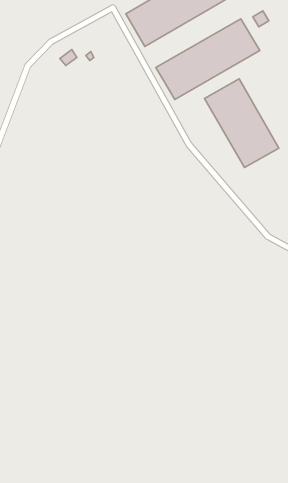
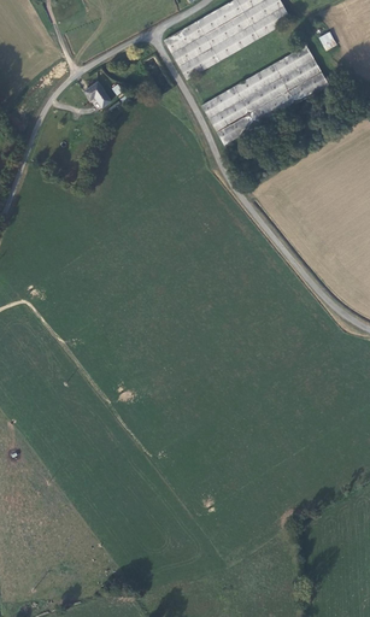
building: [205,79,279,167] -> none

